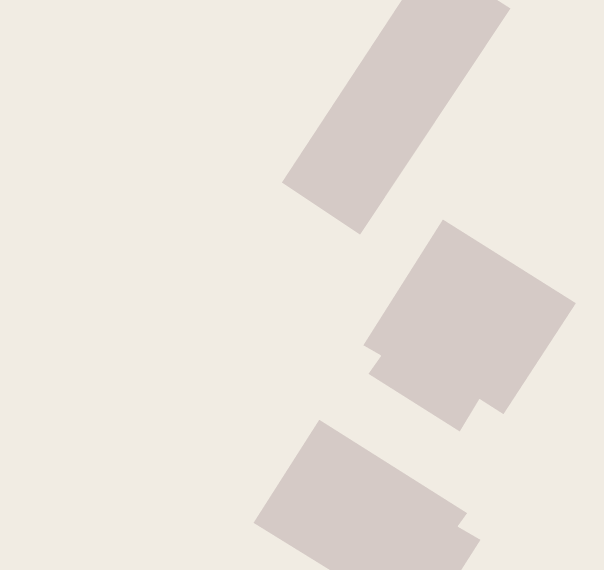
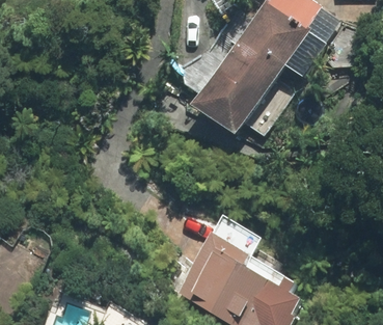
building: [362,218,577,433] -> none

